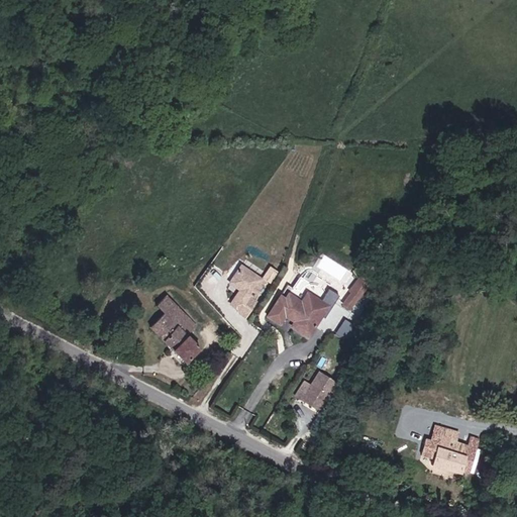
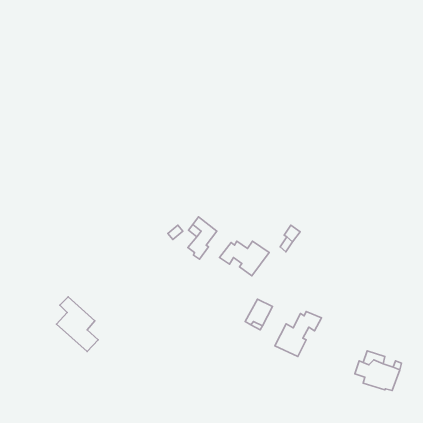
building: [149,296,200,363] -> [57,297,98,352]
building: none -> [275,311,321,357]

